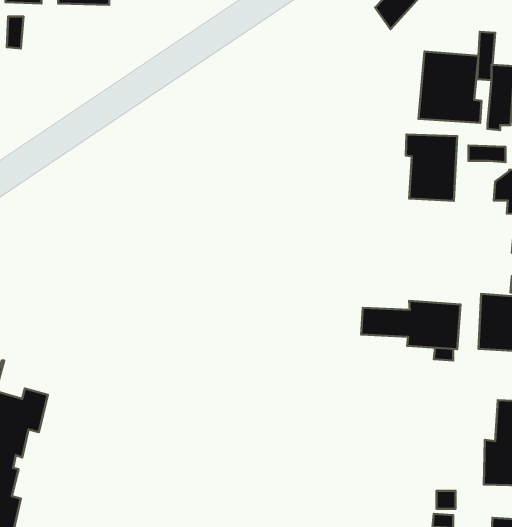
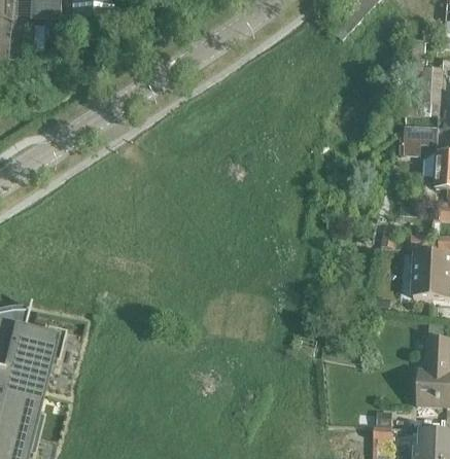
building: [418,51,482,123] -> none
building: [406,135,457,201] -> none
building: [361,301,461,349] -> none

